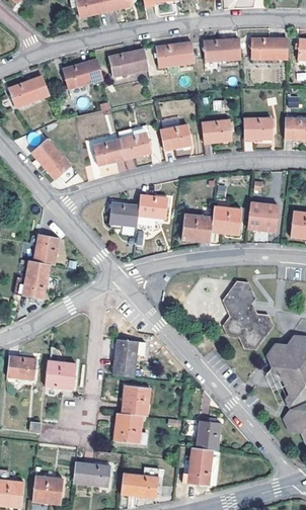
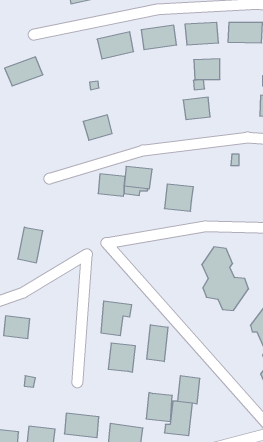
building: [63,58,103,88] -> none
building: [243,116,272,139] -> [194,59,220,79]
building: [160,123,192,150] -> none
building: [120,132,151,158] -> none
building: [31,138,71,178] -> none
building: [247,201,279,231] -> none
building: [211,204,241,235] -> none
building: [30,234,59,264] -> none
building: [46,359,75,390] -> none
building: none -> [147,325,168,362]
building: [113,412,142,443] -> [146,393,172,422]

